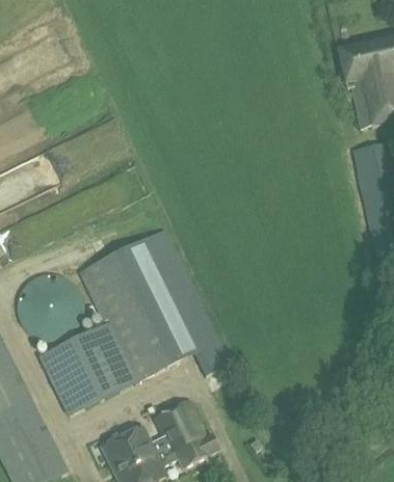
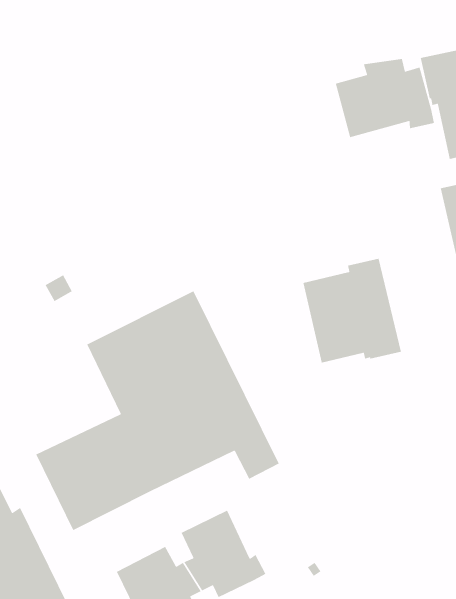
building: none -> [335,58,435,138]
building: none -> [302,258,402,363]
building: [17,272,83,339] -> none

